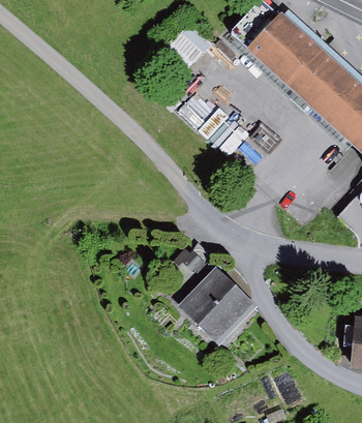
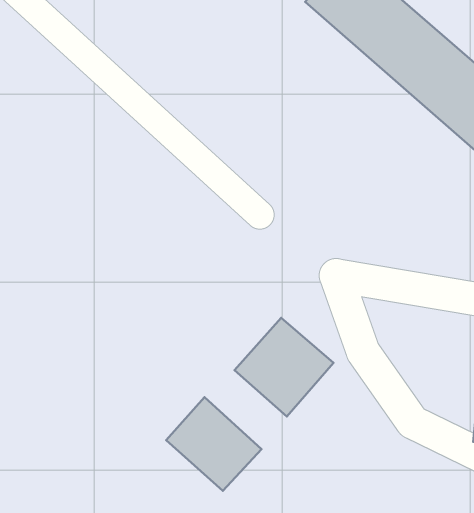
building: none -> [166,397,262,491]

